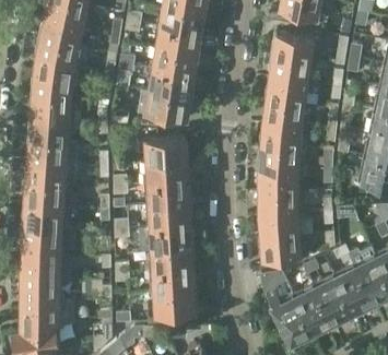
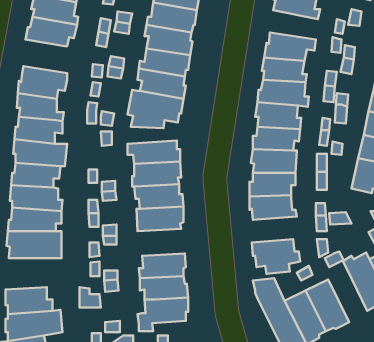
building: [36,39,90,72] -> none
building: [259,212,304,237] -> none
building: [139,224,195,250] -> none
building: [20,252,71,283] -> none
building: [334,263,373,315] -> none

